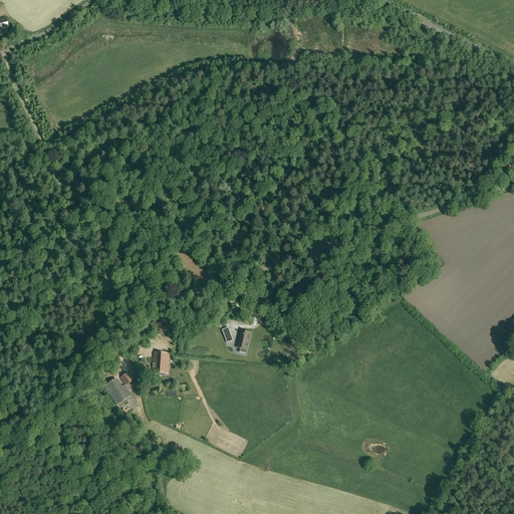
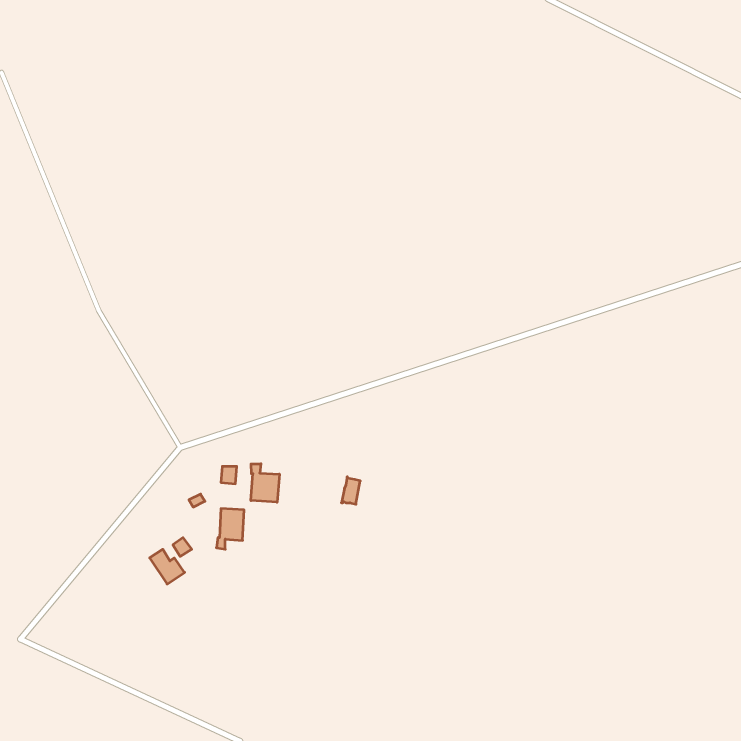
building: none -> [251,464,279,502]

